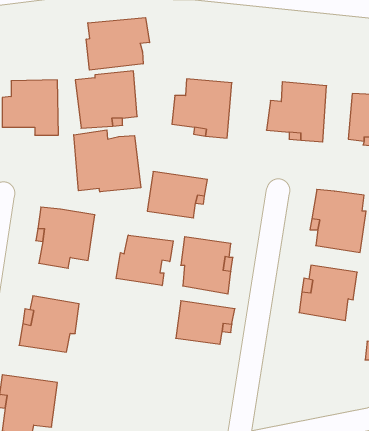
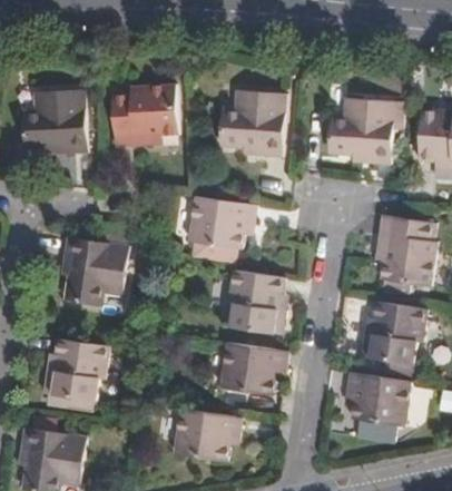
building: [86,18,150,70] -> none
building: [74,130,141,192] -> none
building: [116,235,173,286] -> none
building: none -> [343,372,407,428]
building: none -> [174,407,242,460]

